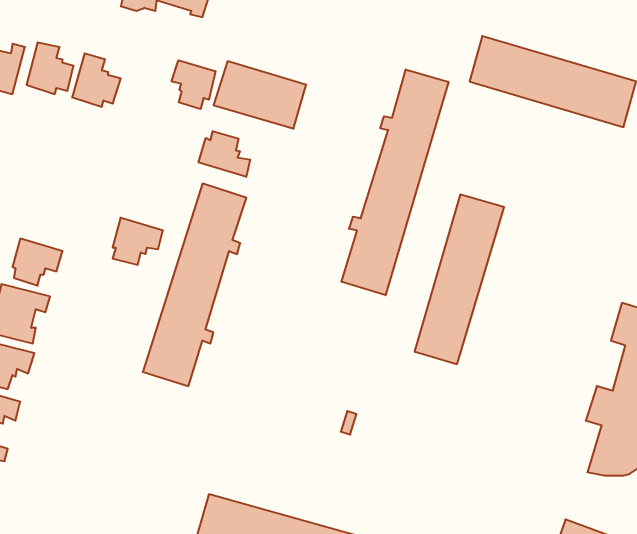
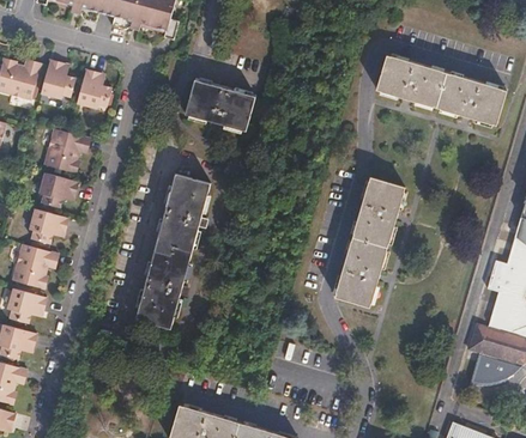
building: [172,60,215,109] -> none
building: [342,69,448,295] -> none
building: [199,131,250,177] -> none
building: none -> [44,129,90,174]
building: [113,218,163,265] -> [40,174,78,209]

